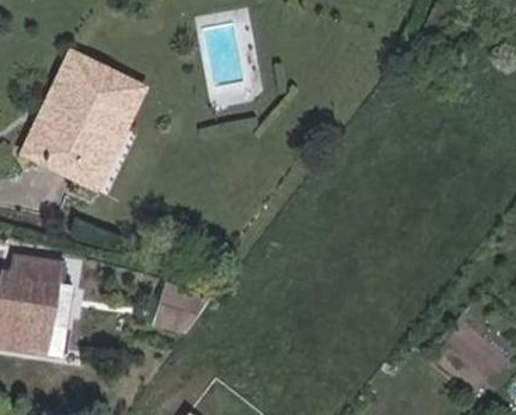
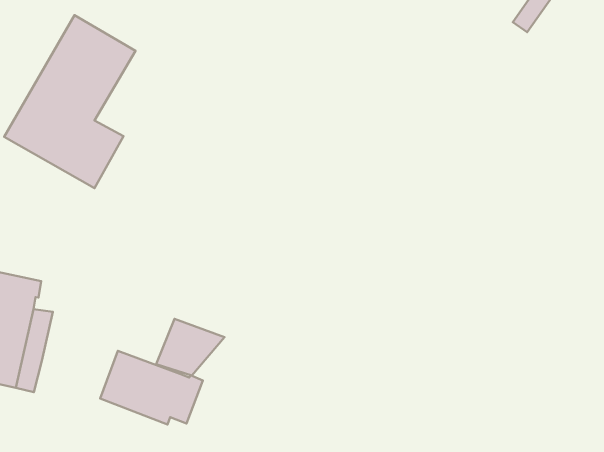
building: [91,75,142,144] -> none
building: none -> [100,351,203,424]

